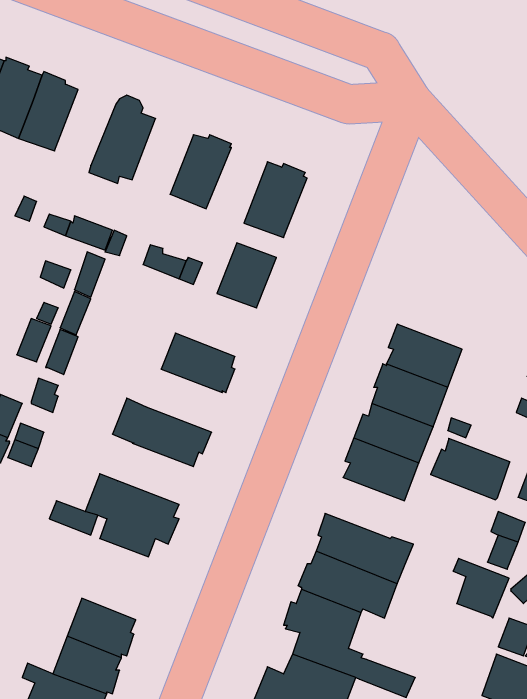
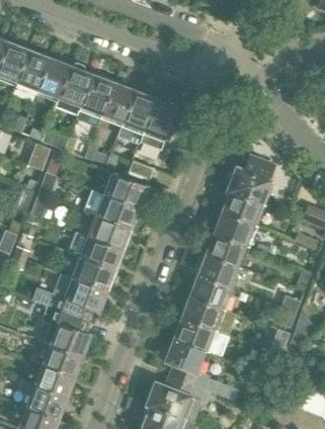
building: none -> [35,57,70,101]
building: none -> [76,75,113,127]
building: none -> [120,91,156,134]
building: none -> [228,154,275,204]
building: none -> [103,173,148,208]
building: none -> [87,216,130,251]
building: [431,438,510,500] -> [187,276,232,311]
building: none -> [71,257,115,291]
building: none -> [51,311,91,356]

